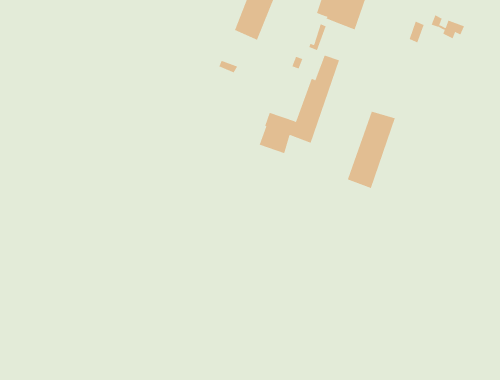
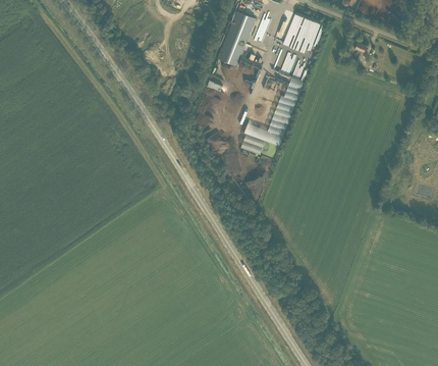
building: [347,111,396,189] -> none

